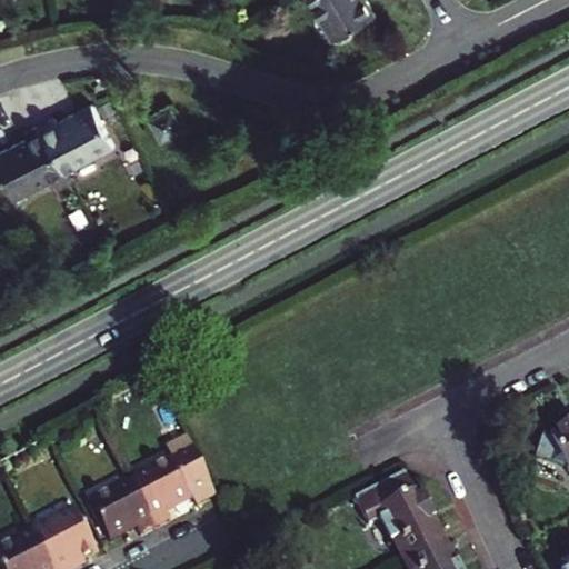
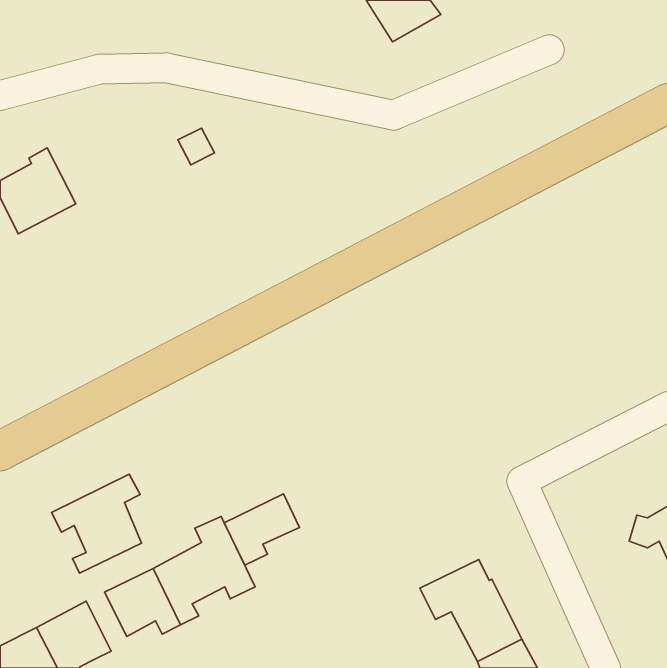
building: [41,104,116,173] -> none
building: none -> [52,474,142,573]
building: none -> [224,494,299,565]

